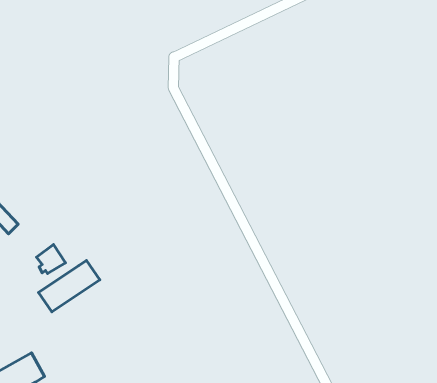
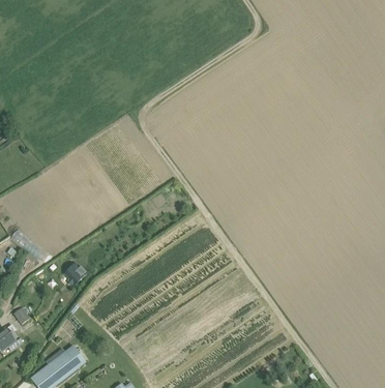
building: [39,261,100,312] -> none

